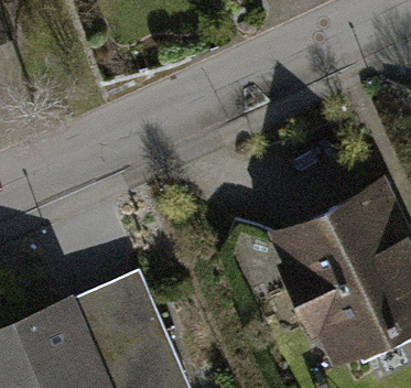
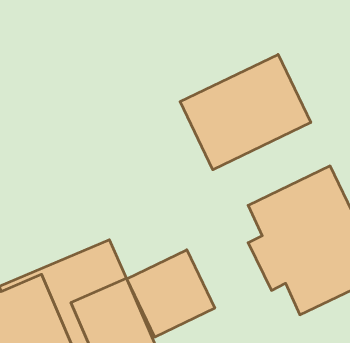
building: none -> [180,54,311,170]
building: none -> [127,250,215,337]

